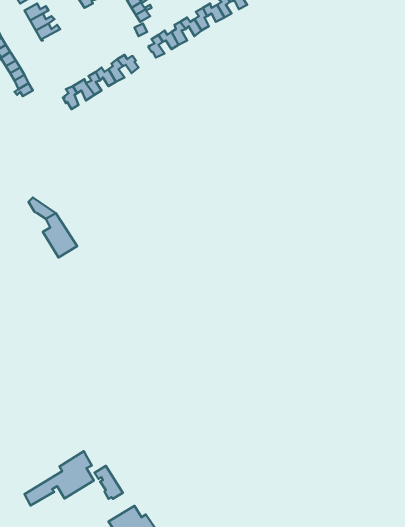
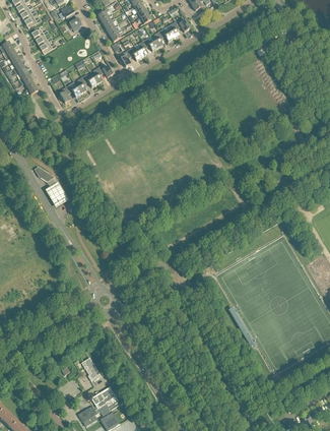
building: [25,451,94,506] -> none

